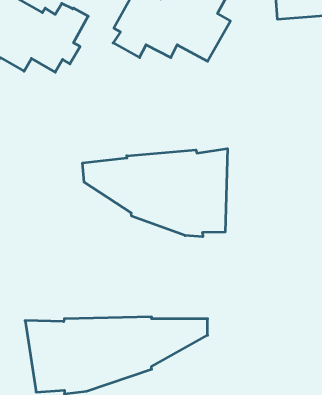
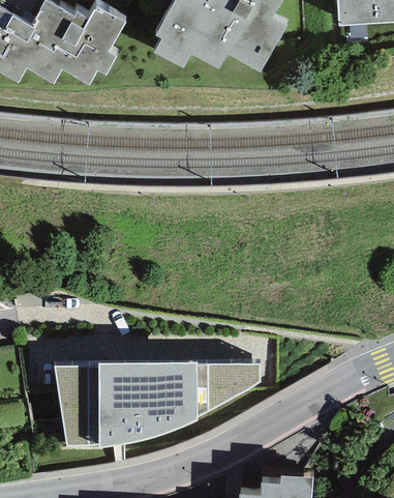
building: [83,149,227,237] -> none

